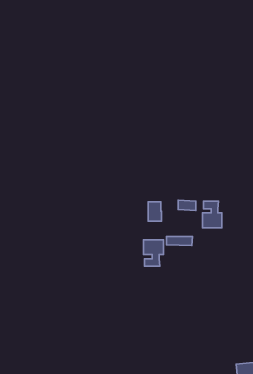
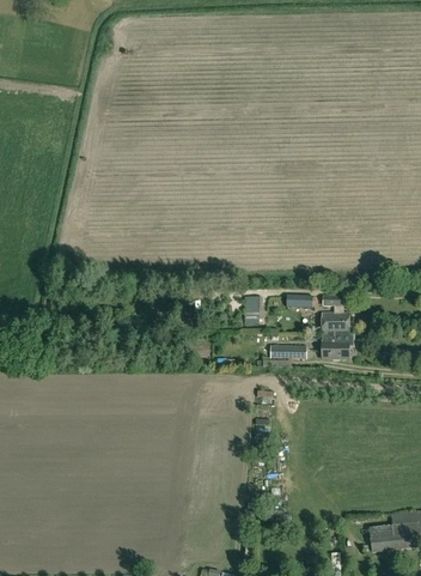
building: none -> [321,333,354,359]
building: [144,240,163,266] -> none

